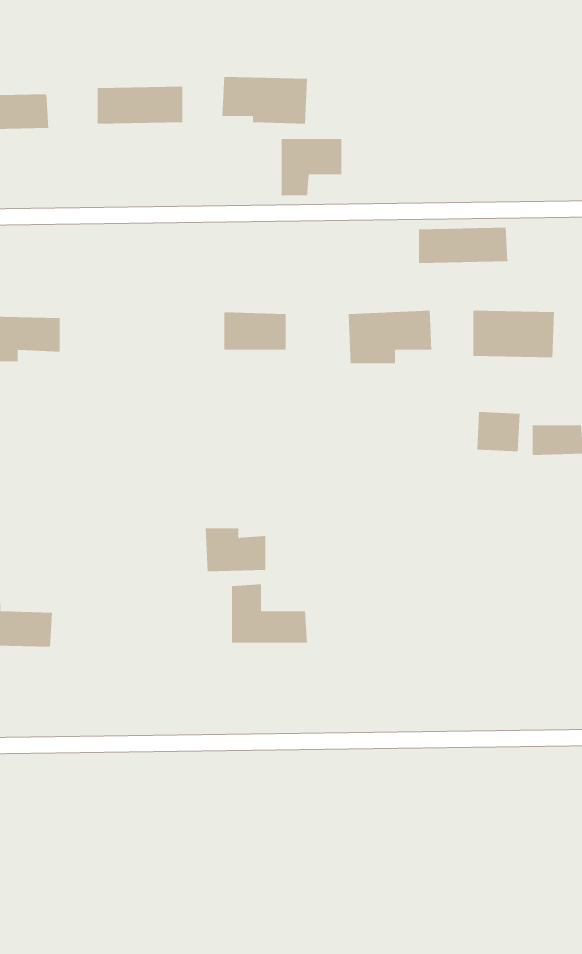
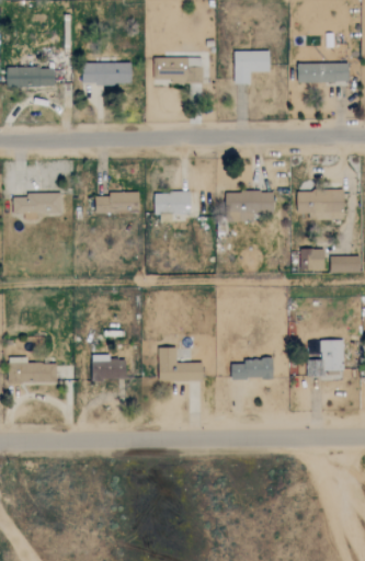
building: [281,138,342,196] -> [235,51,270,84]
building: [418,227,508,264] -> [298,62,350,83]
building: none -> [95,193,139,213]
building: [205,528,266,572] -> [91,355,126,380]
building: none -> [321,341,344,371]
building: none -> [231,360,273,379]

